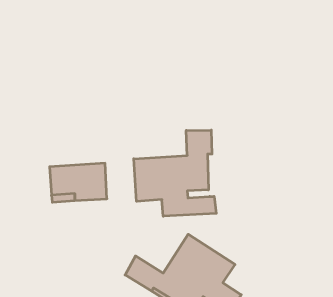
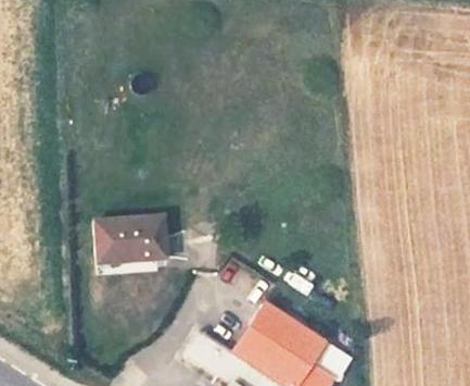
building: [134,130,216,216] -> none

